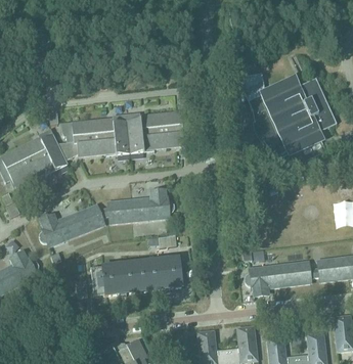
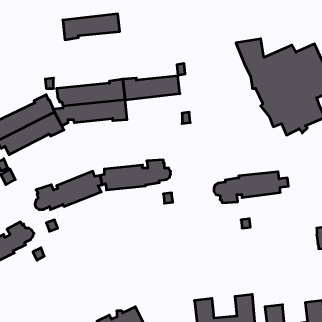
building: [129,127,185,152] -> [63,14,120,40]
building: [91,258,182,295] -> none
building: [246,261,319,291] -> [214,172,288,203]

